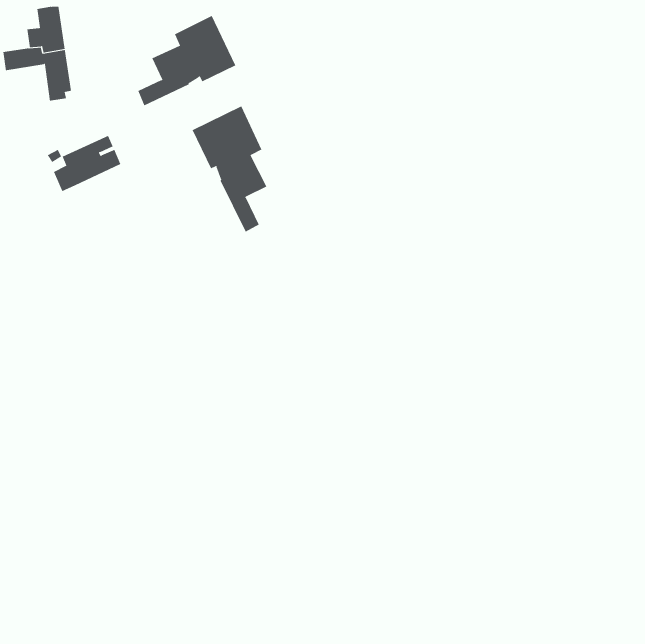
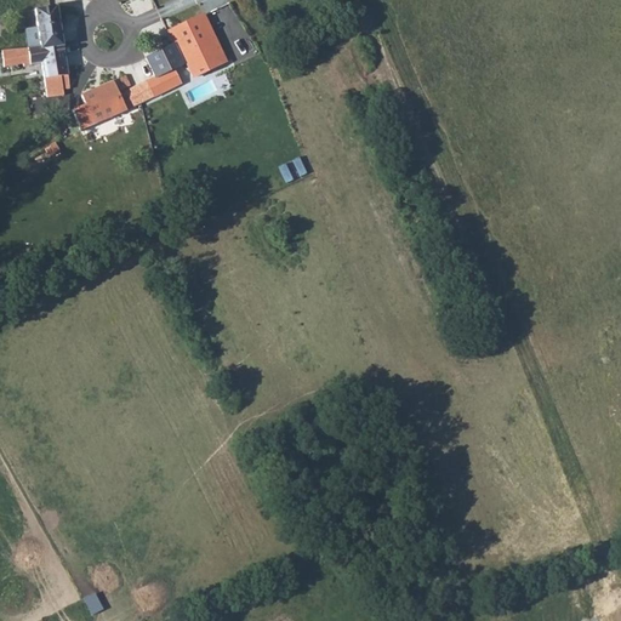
building: [192,105,267,233] -> none
building: [53,135,121,192] -> [73,74,138,129]

